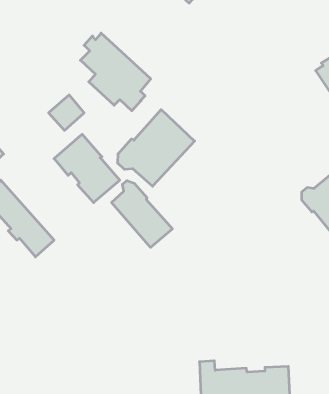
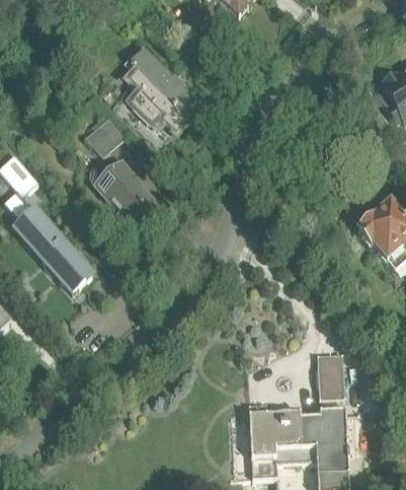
building: [118,110,195,186] -> none
building: [112,181,172,247] -> none
building: none -> [316,352,343,397]

